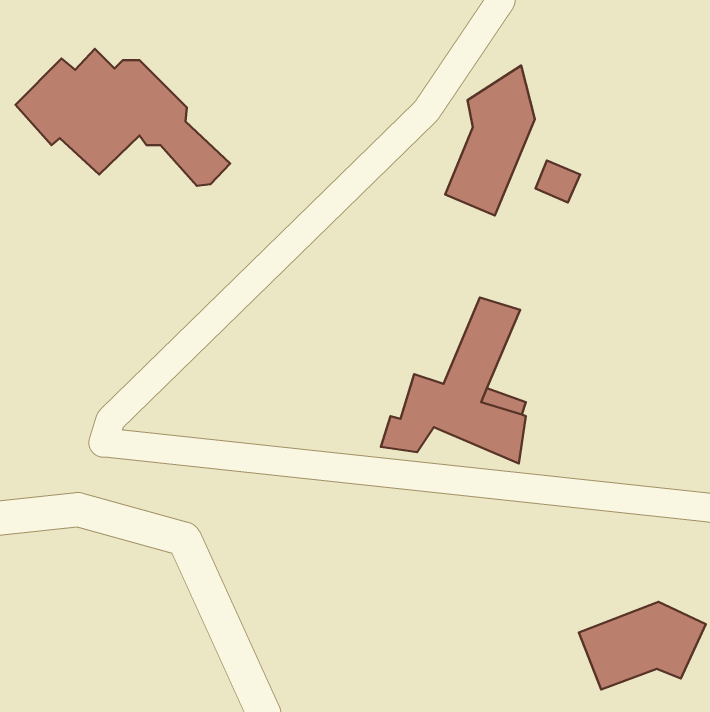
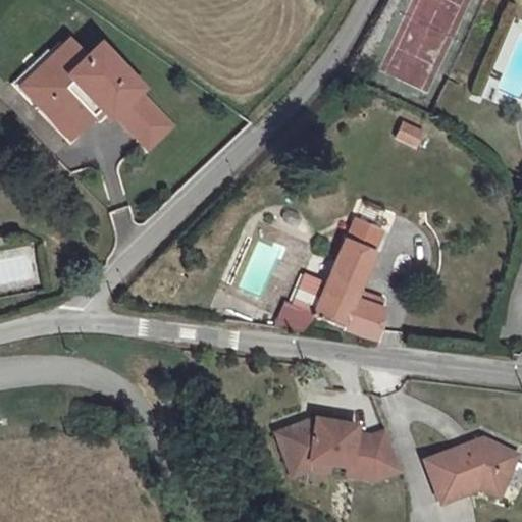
building: [445,66,535,215] -> none
building: none -> [279,419,402,481]

